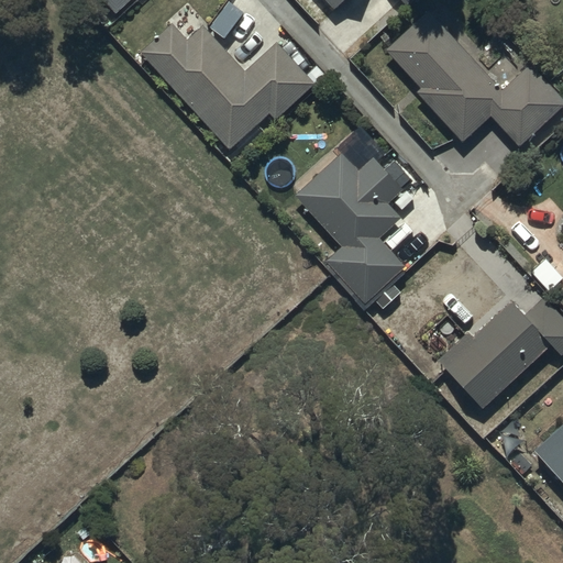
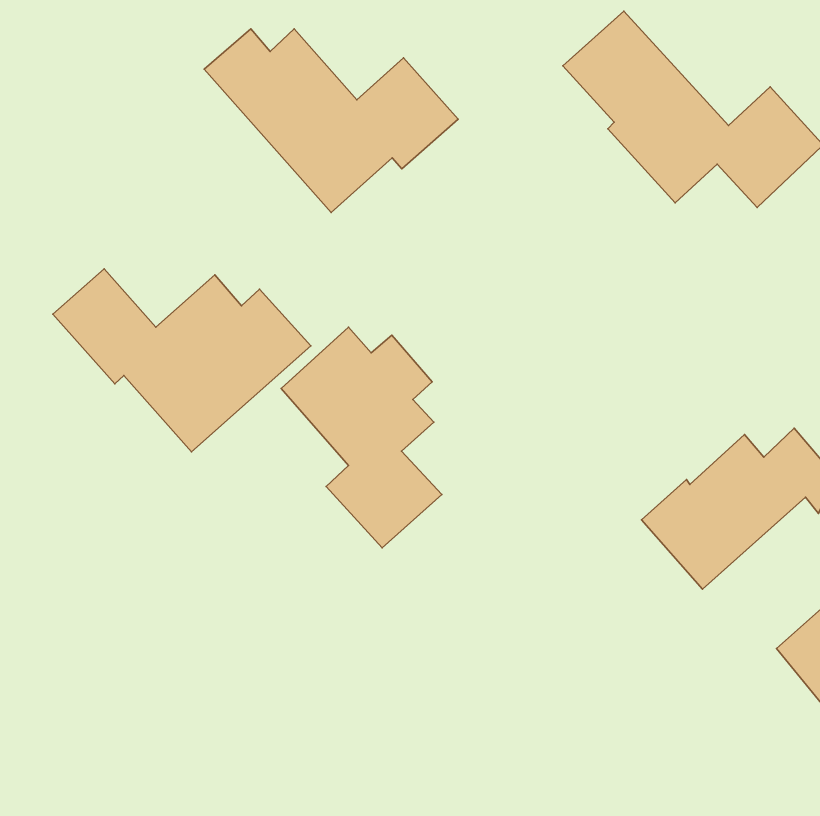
building: [296,153,406,303] -> [281,327,442,548]
building: none -> [53,269,311,452]

